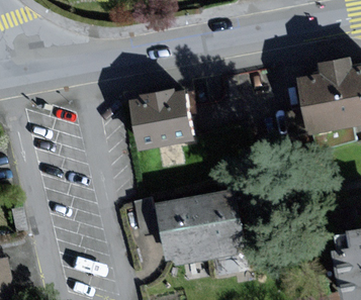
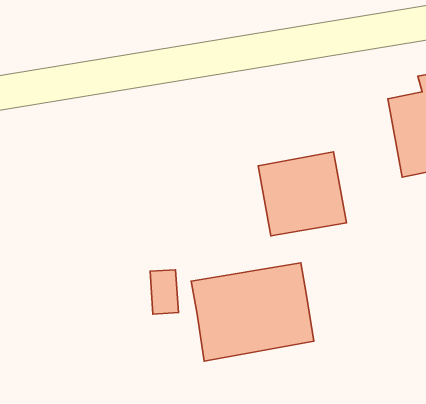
building: [133,86,196,145] -> [258,152,346,236]

